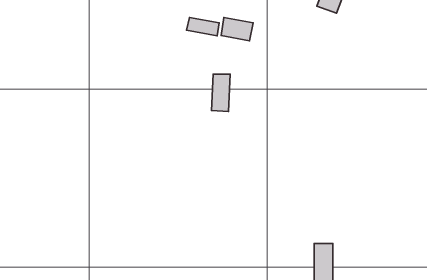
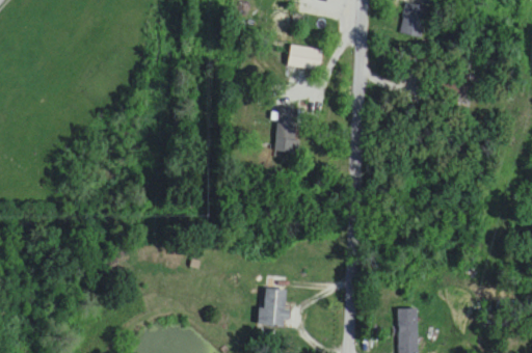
building: [187,18,219,36] -> none
building: none -> [262,275,287,327]

